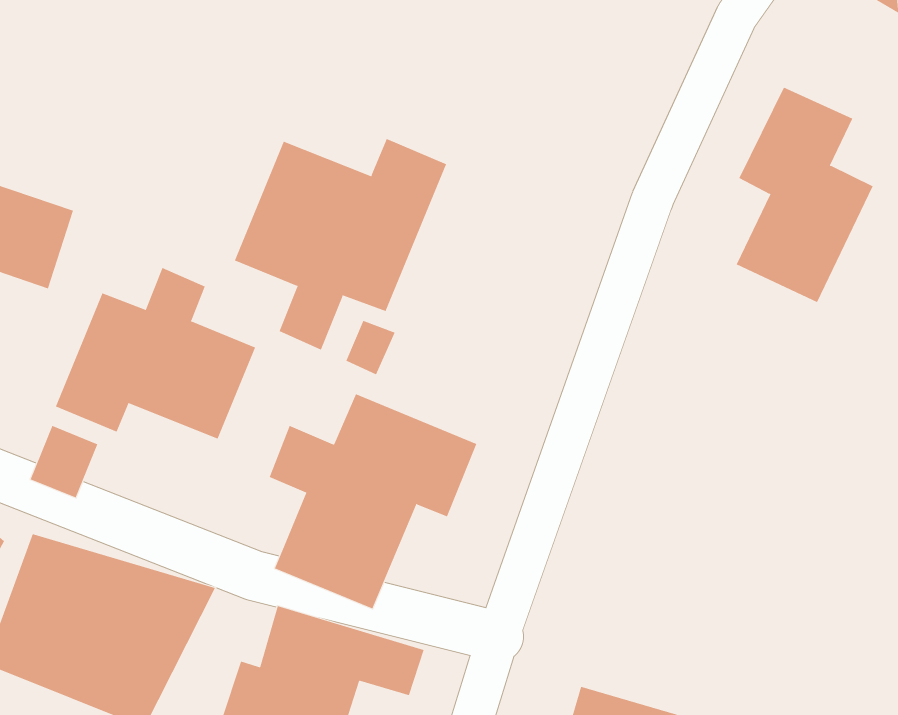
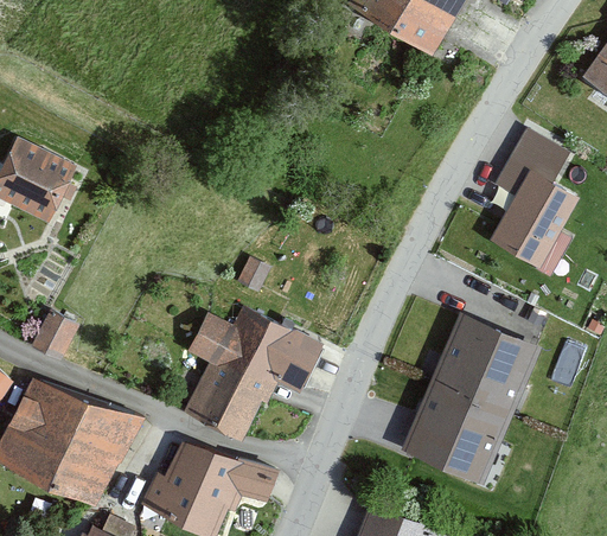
building: [234,138,447,351] -> none
building: [55,267,256,440] -> none
building: none -> [403,313,542,484]

